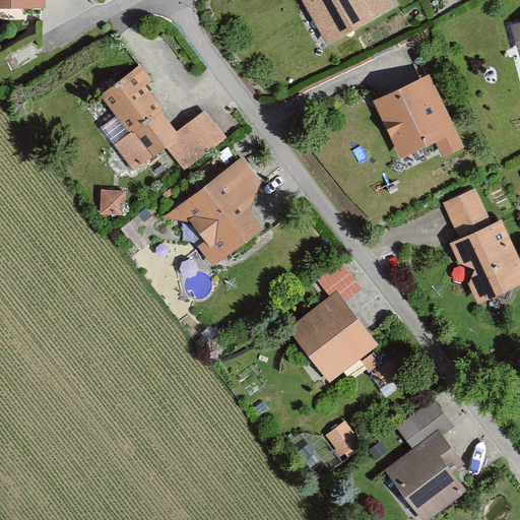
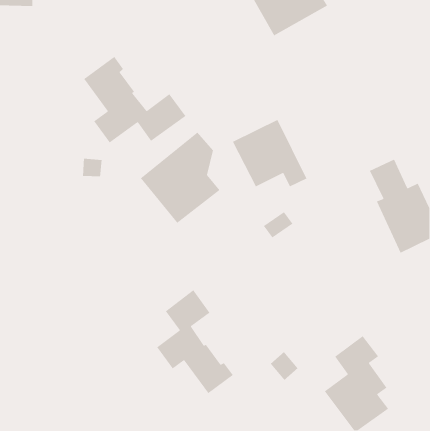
building: [376,76,466,158] -> [232,119,307,187]
building: [287,290,377,382] -> none
building: none -> [156,289,234,394]

